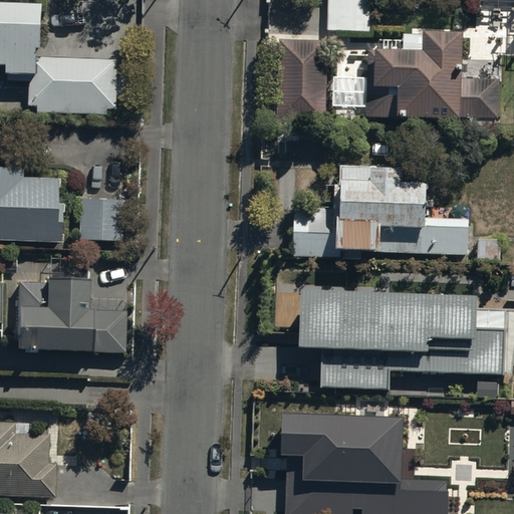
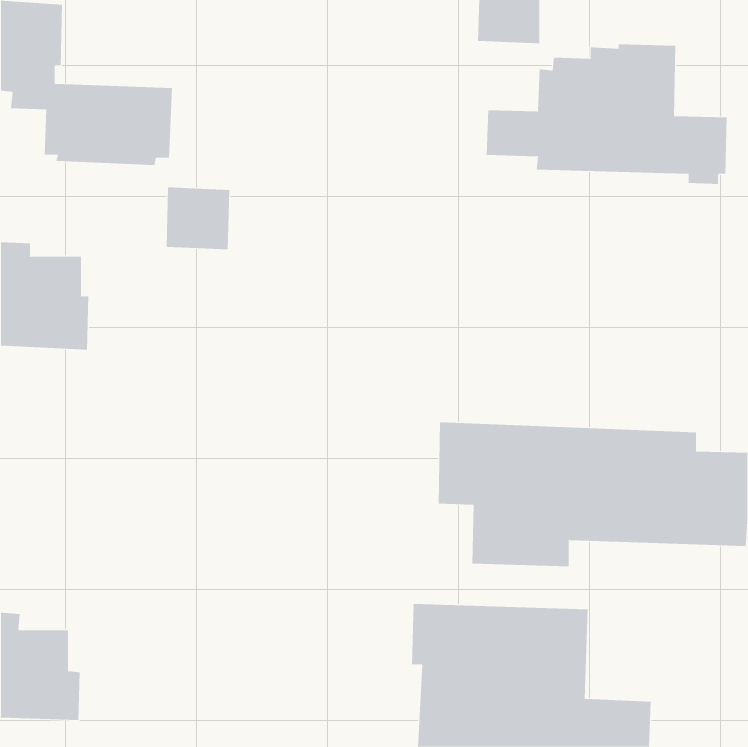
building: [276,38,329,119] -> none
building: [292,166,470,258] -> none
building: [78,198,122,241] -> [166,187,230,250]
building: [17,277,125,351] -> none

